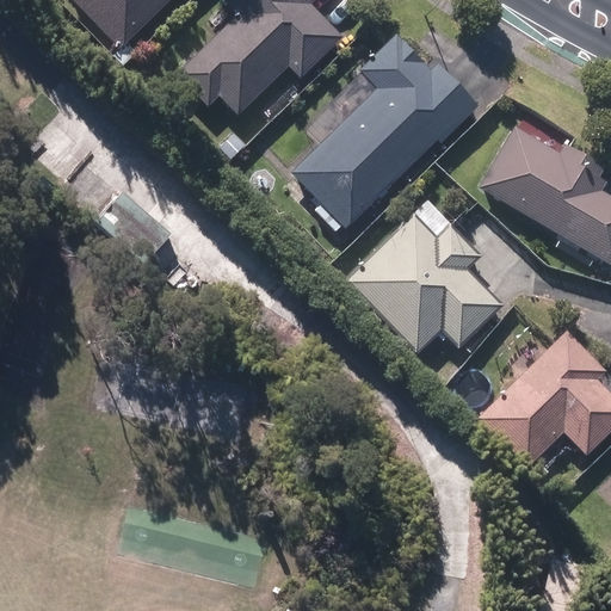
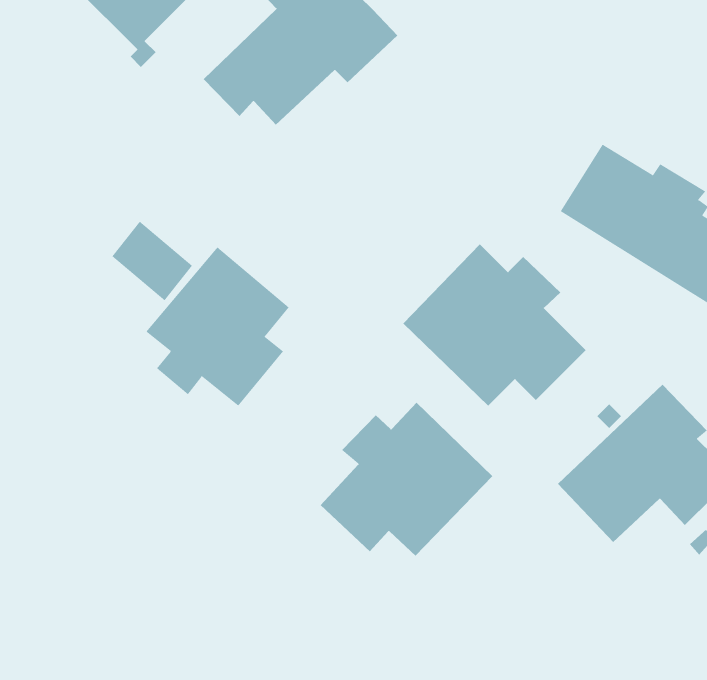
building: [295,35,480,226] -> none
building: none -> [146,247,289,407]
building: none -> [320,402,493,556]

